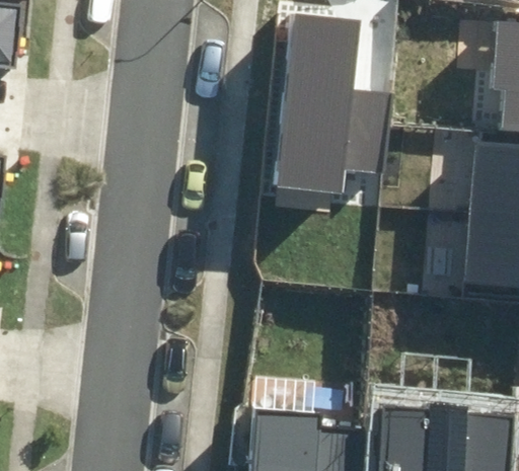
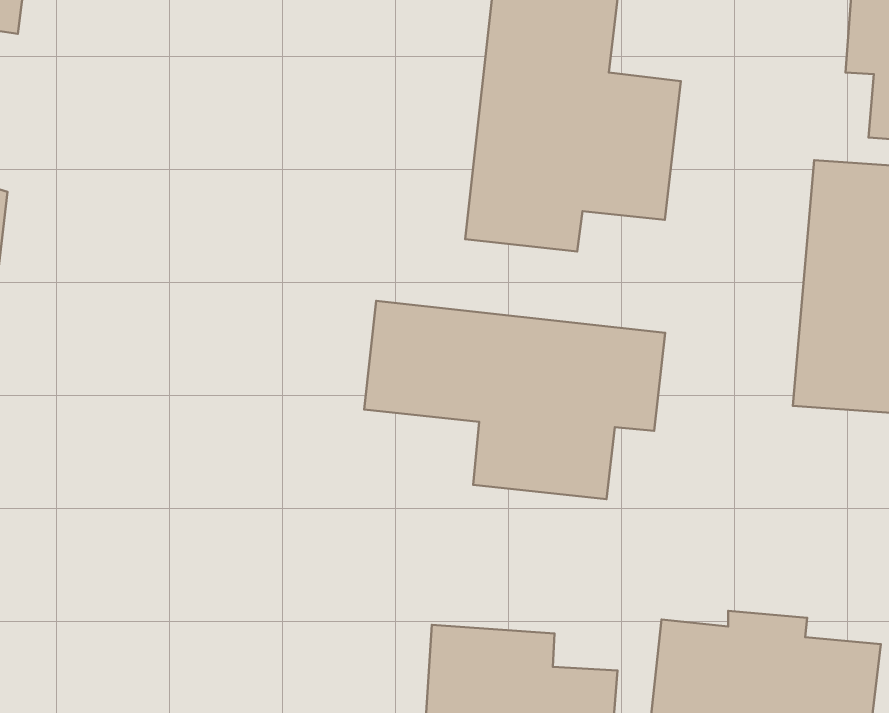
building: none -> [364,301,665,499]

